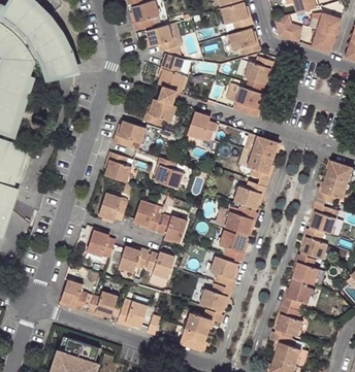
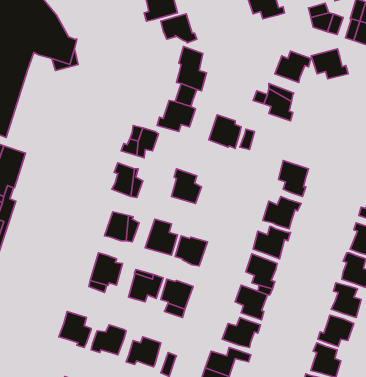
building: [228,29,260,55] -> [311,49,348,79]
building: [245,133,279,158] -> none

